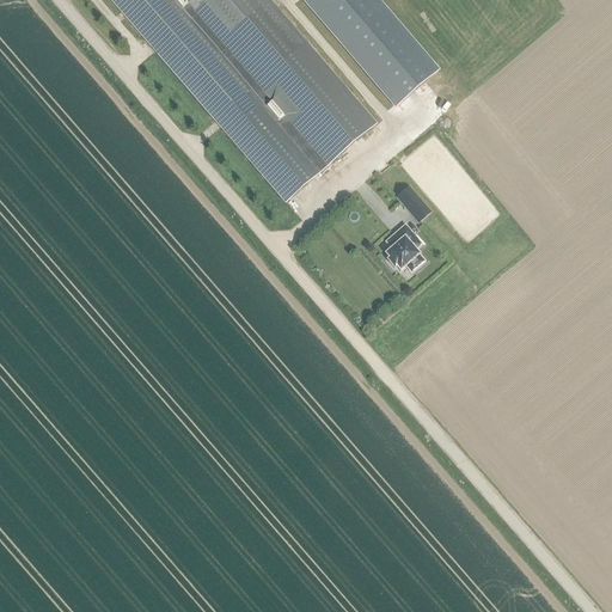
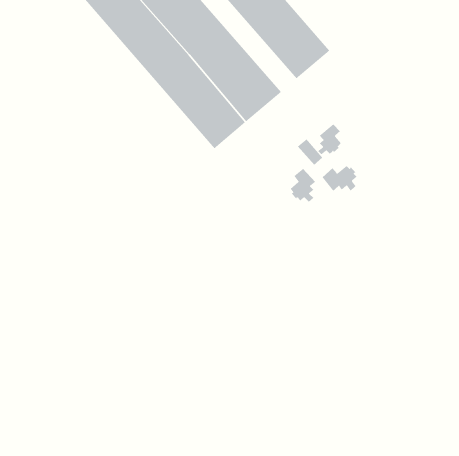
building: none -> [317,124,342,155]
building: none -> [322,165,357,192]

